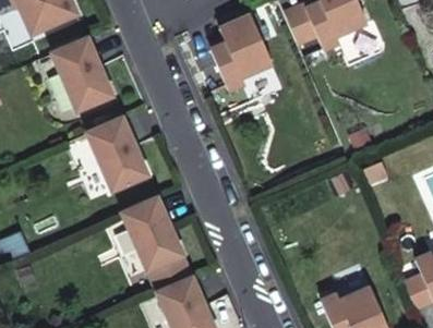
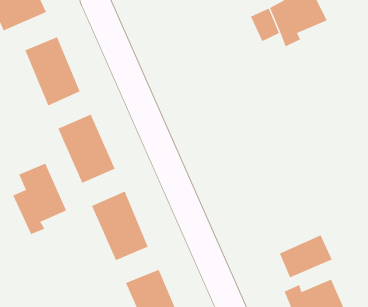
building: [211,15,272,90] -> none
building: none -> [12,163,67,235]
building: none -> [279,235,333,278]

